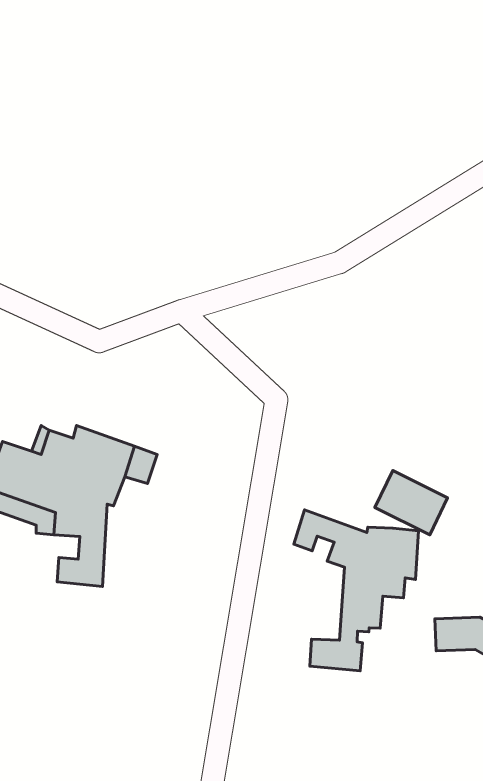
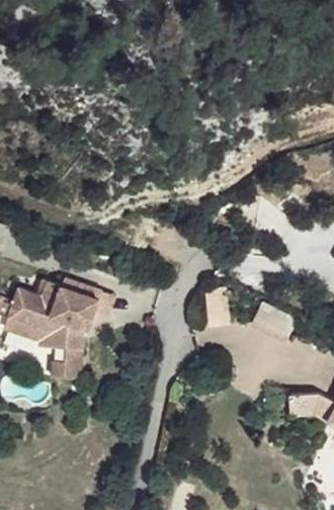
building: [294,510,418,671] -> none

